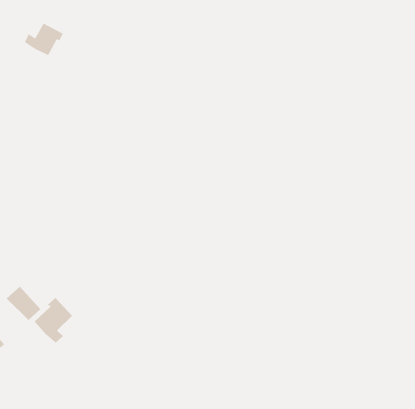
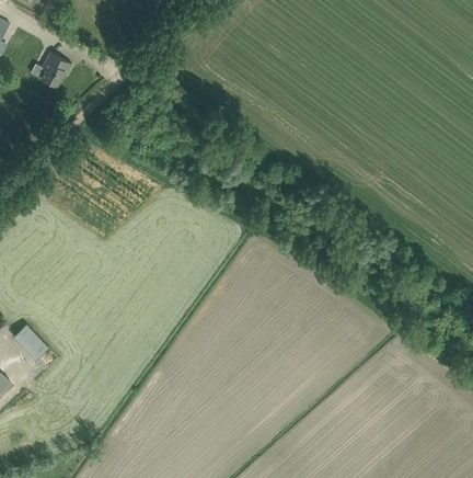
building: [34,297,73,344] -> none

